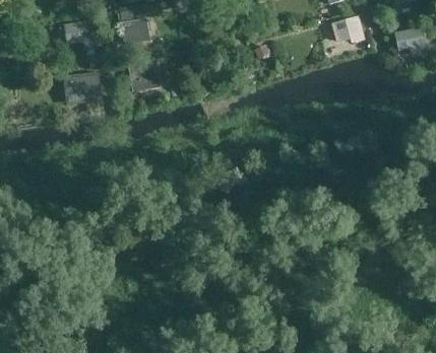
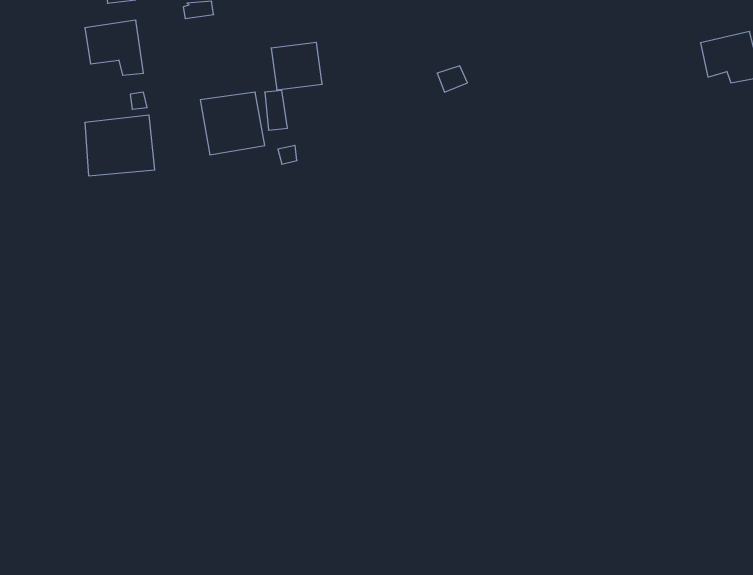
building: [331,15,364,43] -> none
building: [122,18,149,44] -> [271,42,322,90]

